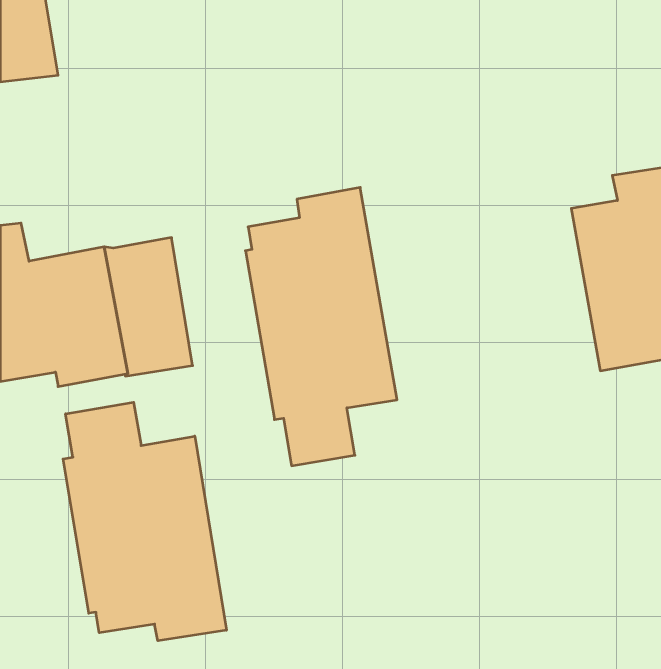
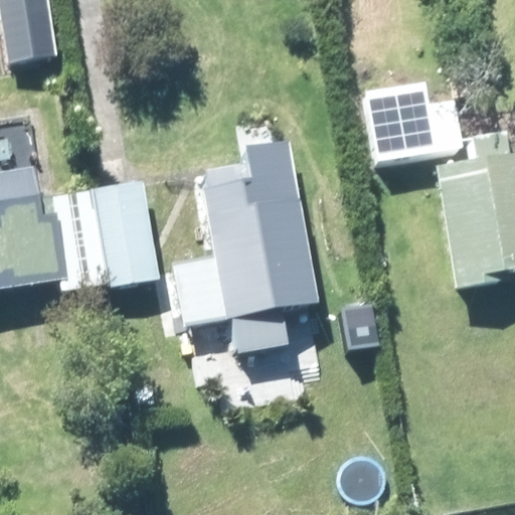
building: none -> [371,78,475,157]
building: [63,402,226,641] -> none

